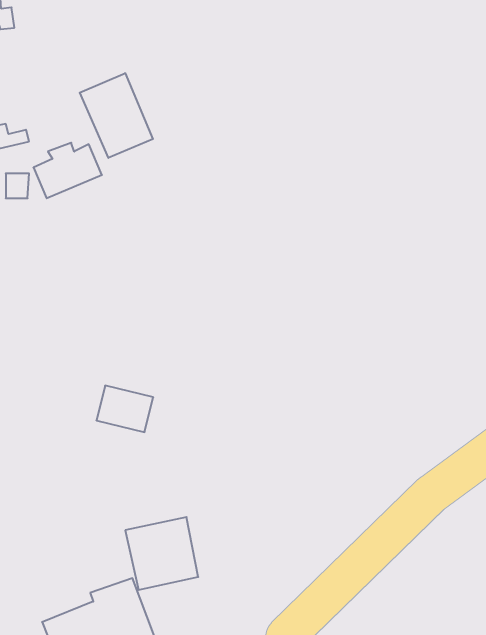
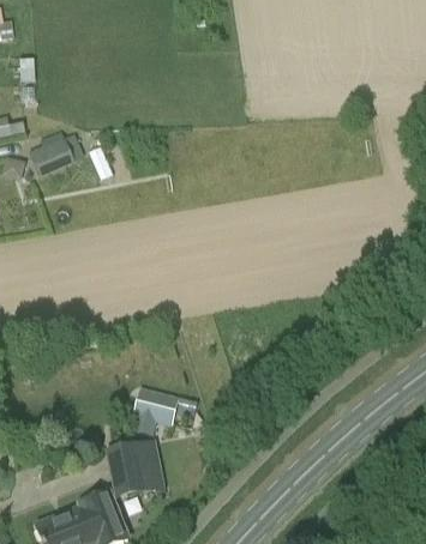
building: [80,73,153,158] -> none
building: [96,386,153,432] -> [132,388,179,427]

